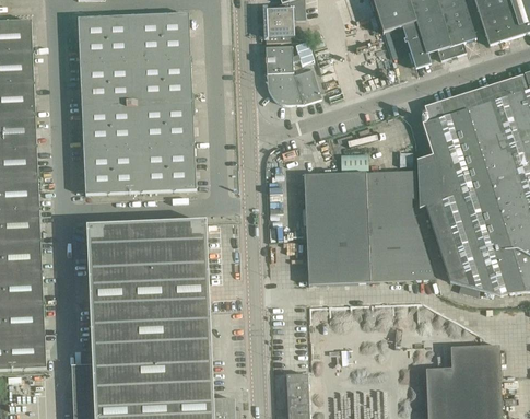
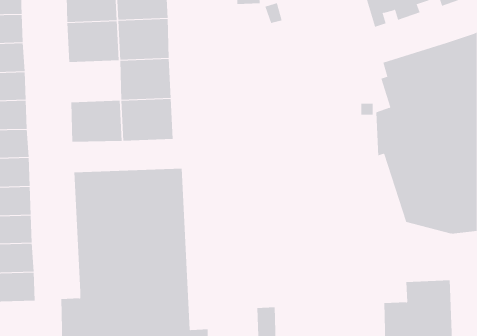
building: [266,46,321,104] -> none
building: [82,103,139,149] -> none
building: [304,171,435,283] -> none

